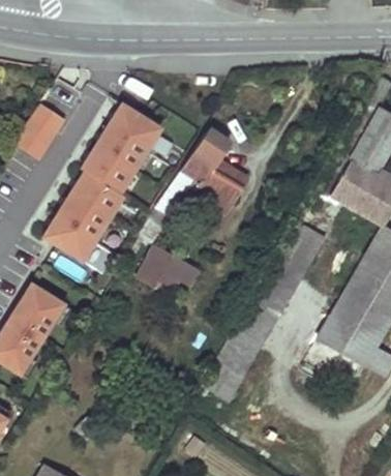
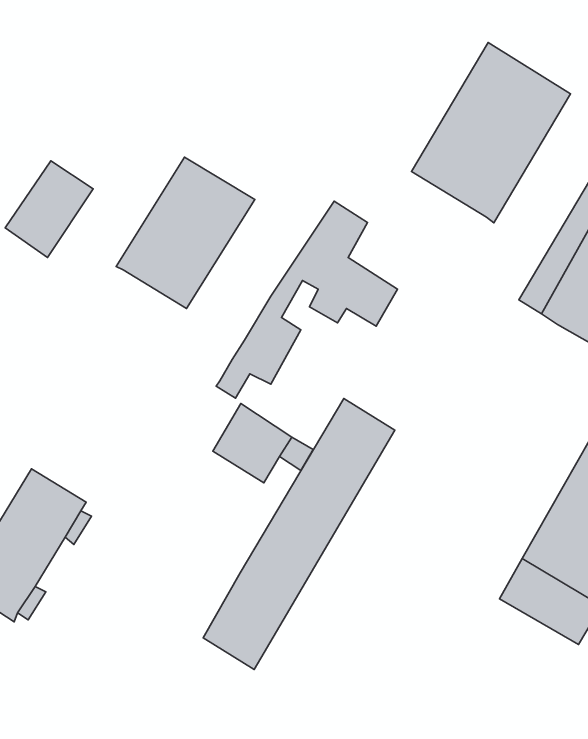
building: none -> [412,43,570,223]
building: [41,168,126,263] -> none
building: [214,218,327,378] -> [203,399,395,669]

